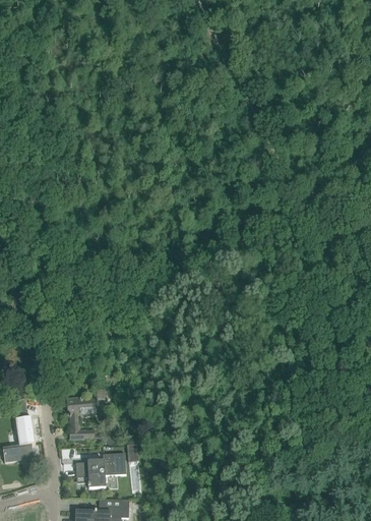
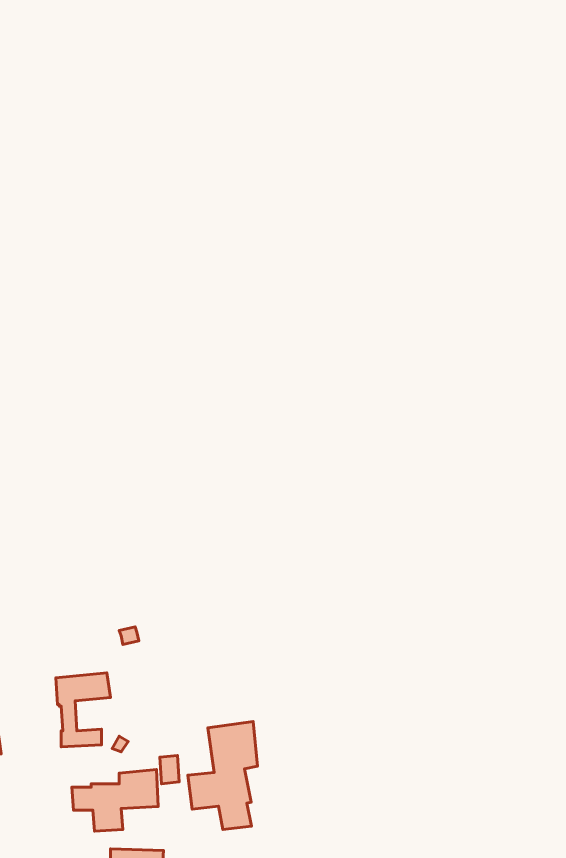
building: none -> [188,721,258,829]

